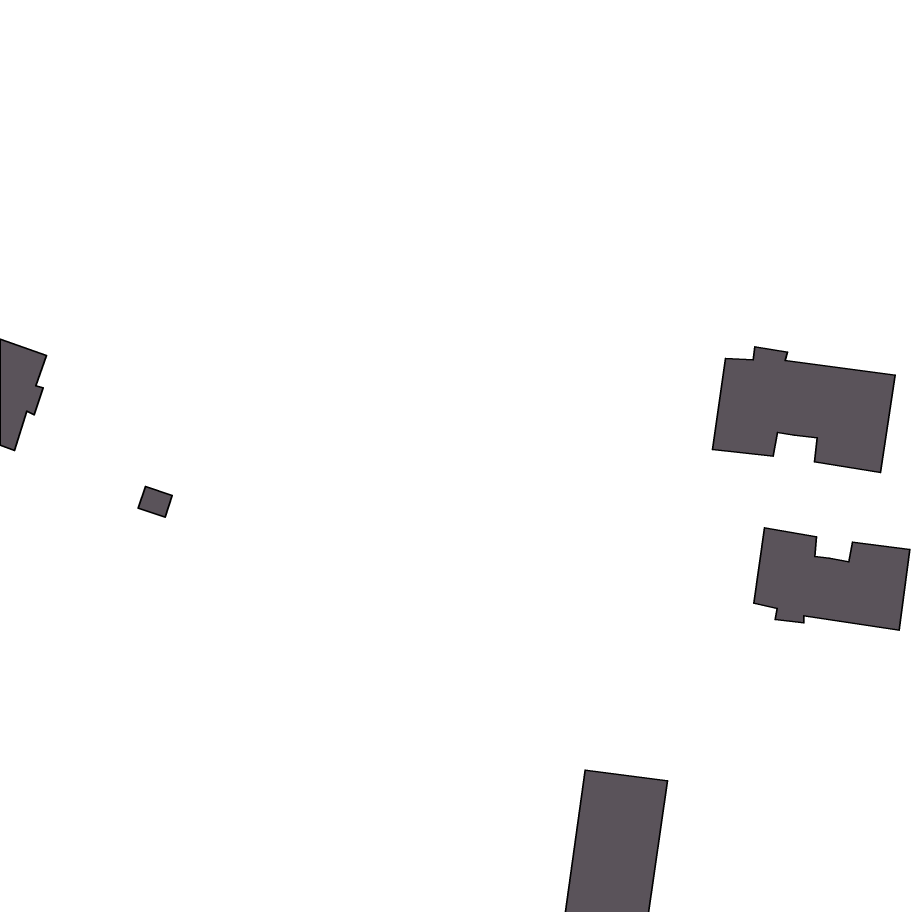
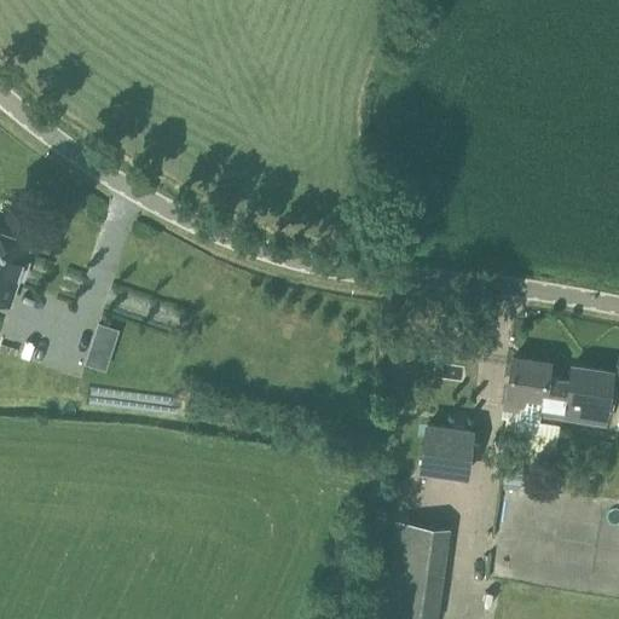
building: [713,347,895,472] -> none
building: none -> [423,428,473,480]

